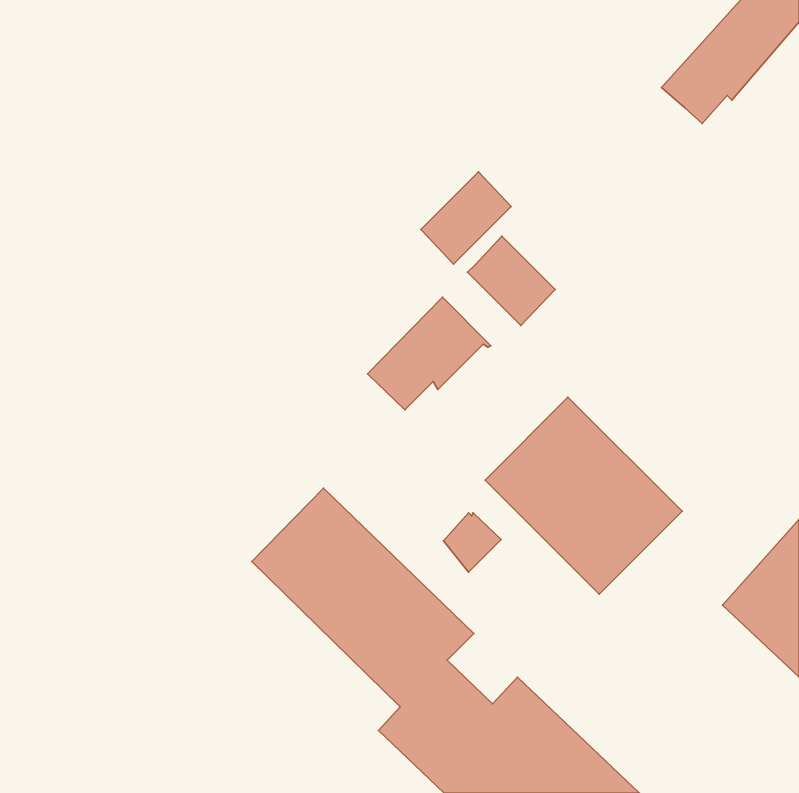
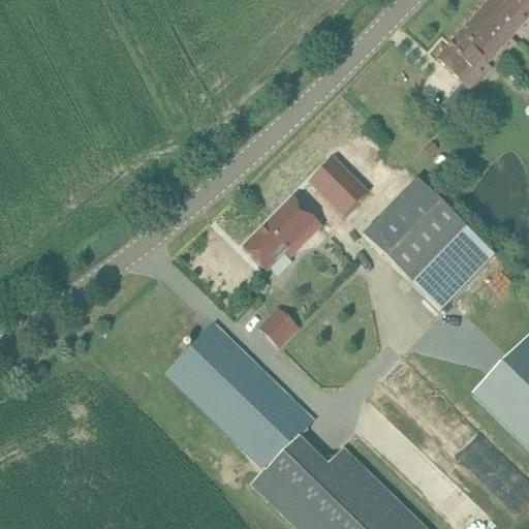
building: [421,172,511,264] -> none
building: [485,397,682,594] -> [363,179,493,309]
building: [443,513,501,572] -> [258,308,297,347]

